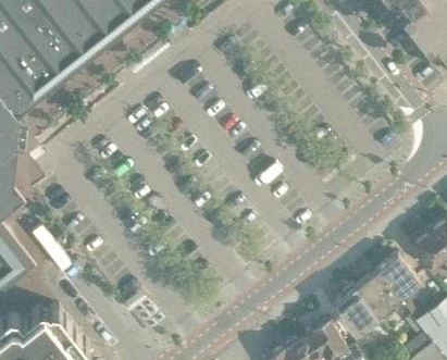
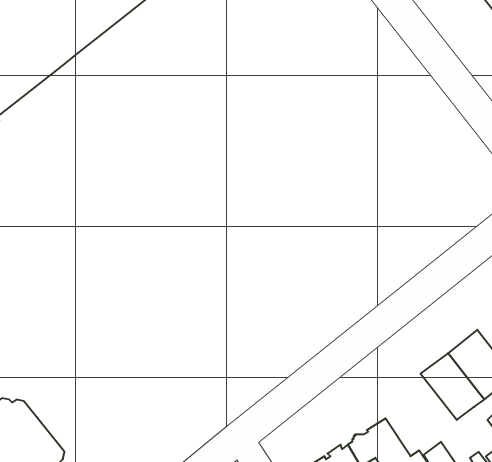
building: [333,287,382,336] -> none

